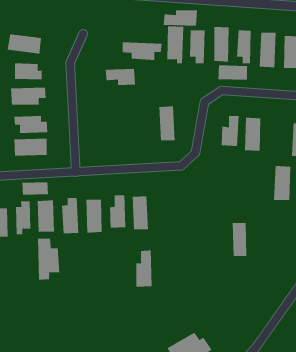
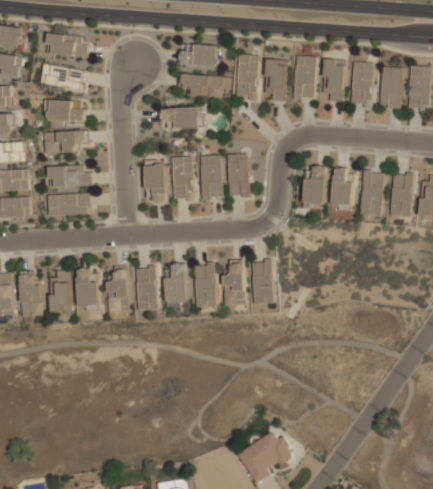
building: none -> [48,35,88,57]
building: [163,10,198,26] -> [180,46,223,66]
building: [218,65,248,81] -> none
building: none -> [201,155,222,199]
building: none -> [172,157,194,202]
building: none -> [145,163,167,204]
building: [273,166,291,201] -> [361,172,383,215]
building: [22,181,49,196] -> none
building: [232,223,247,257] -> [253,262,272,304]
building: [38,238,60,281] -> none
building: [135,250,152,287] -> [224,260,245,306]

